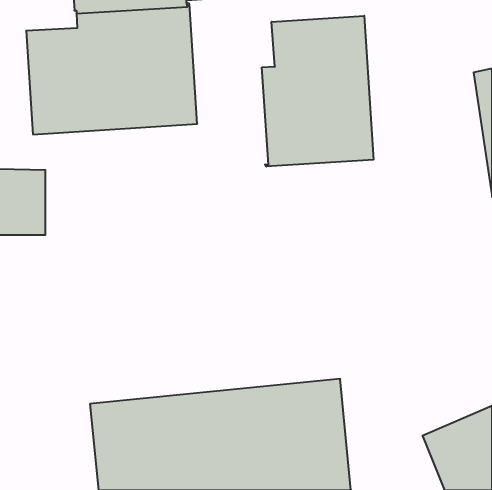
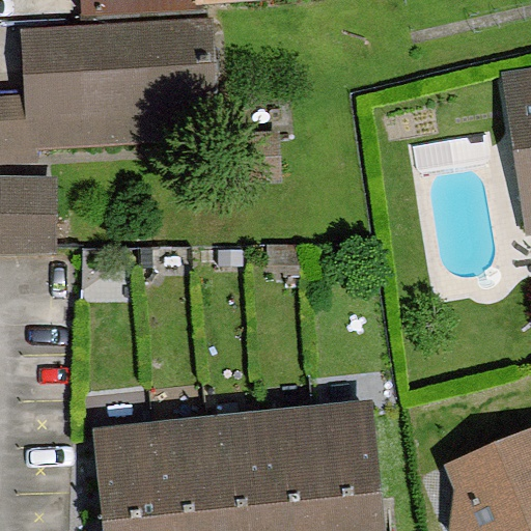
building: [262,16,373,167] -> none

